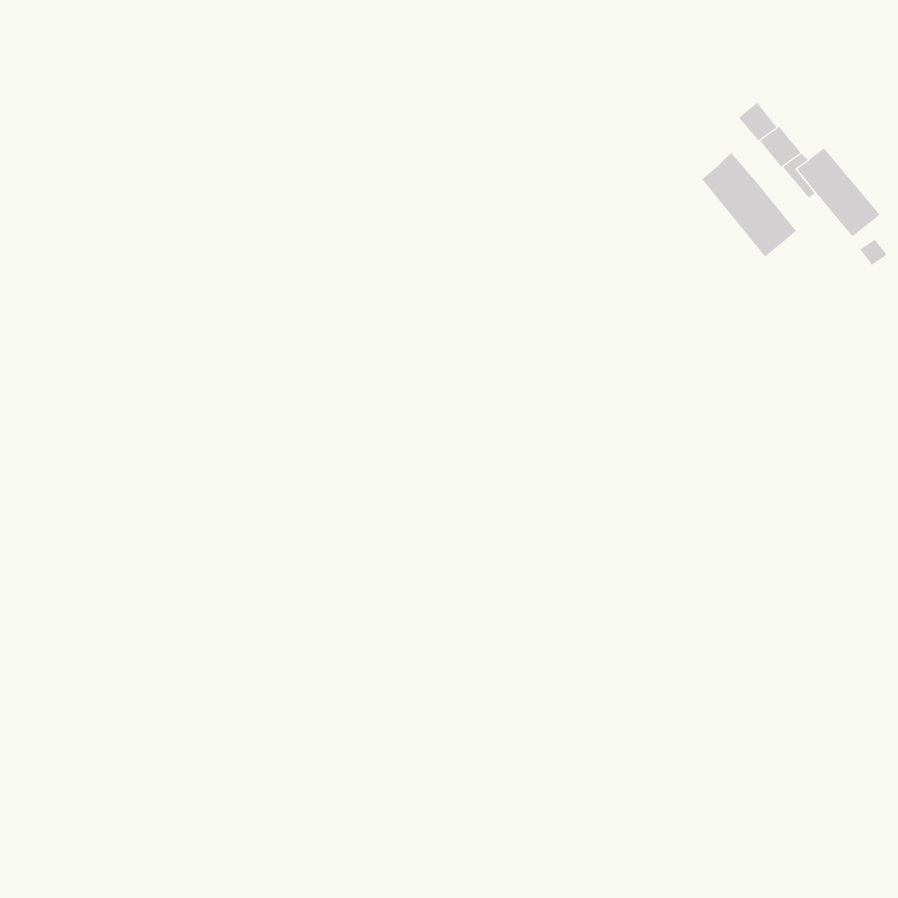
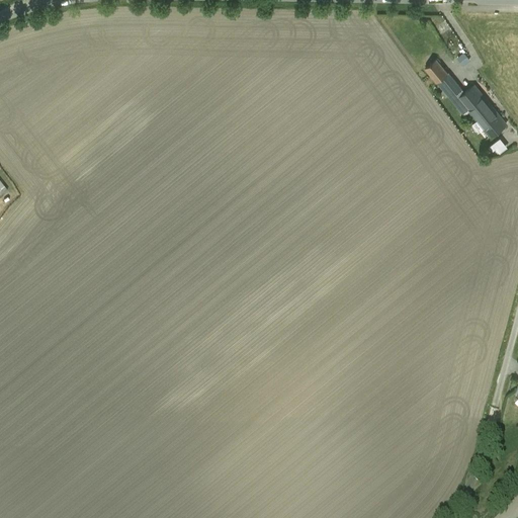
building: [702,152,797,258] -> none

